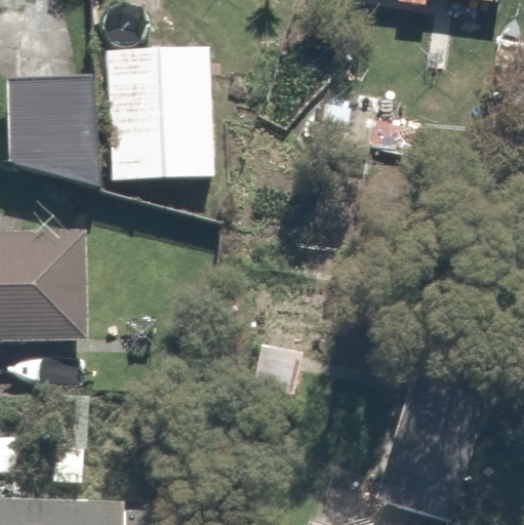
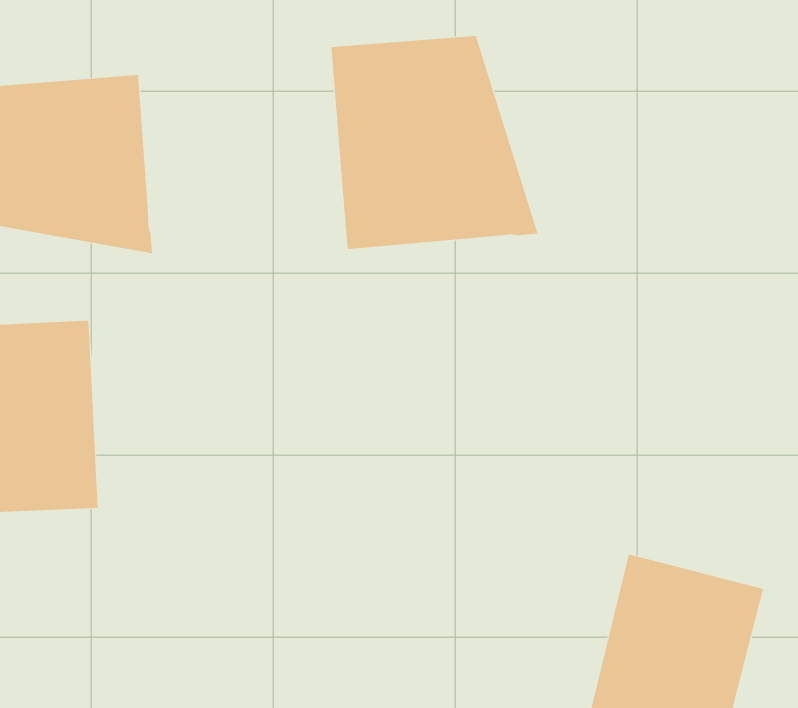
building: [110,46,213,177] -> none
building: none -> [331,35,538,250]

